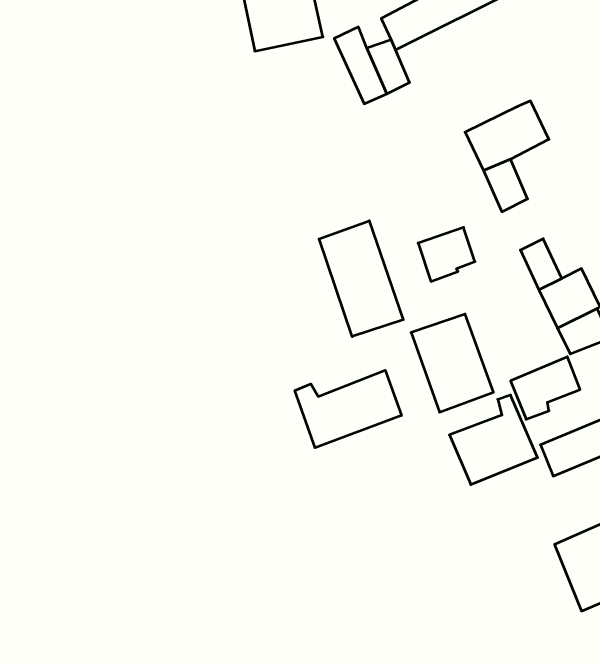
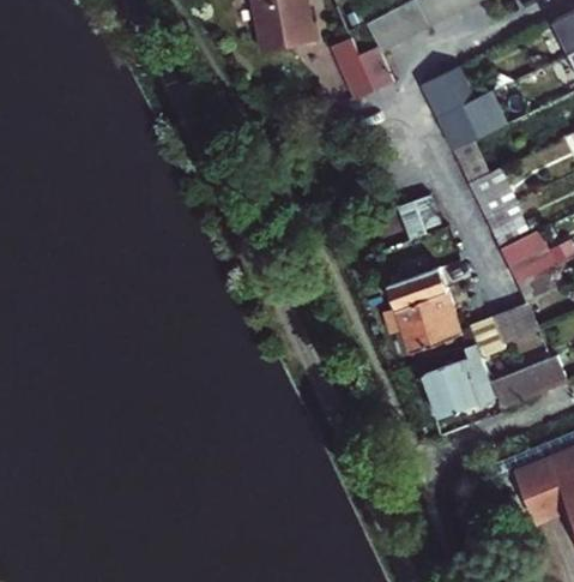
building: none -> [421,64,482,119]
building: none -> [469,172,515,218]
building: [319,221,403,337] -> none
building: [295,370,401,448] -> none

